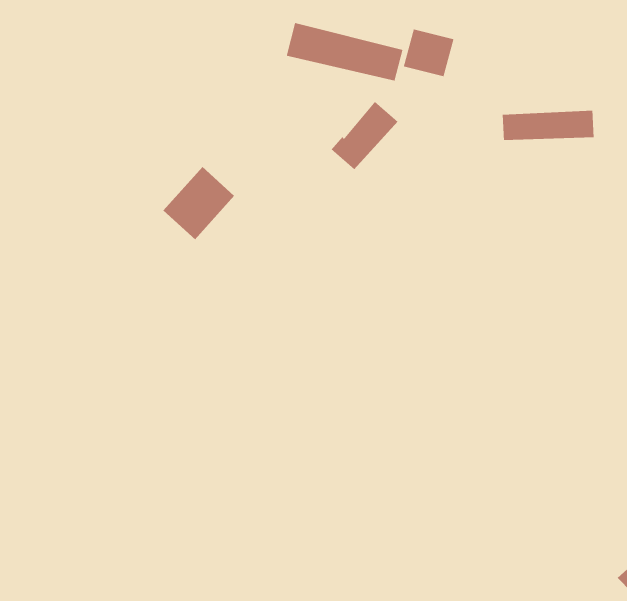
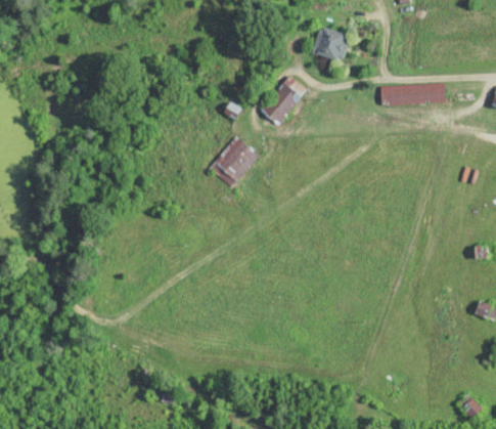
building: [286,22,404,82] -> none
building: [163,166,235,240] -> [209,136,259,187]

